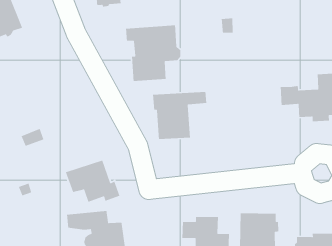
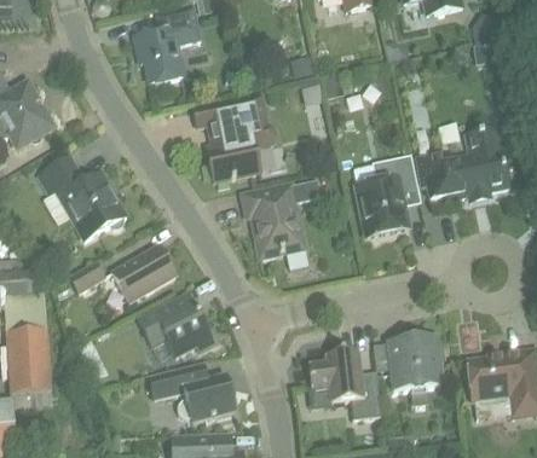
building: none -> [37,153,125,238]
building: none -> [354,152,416,234]
building: none -> [111,243,174,298]

